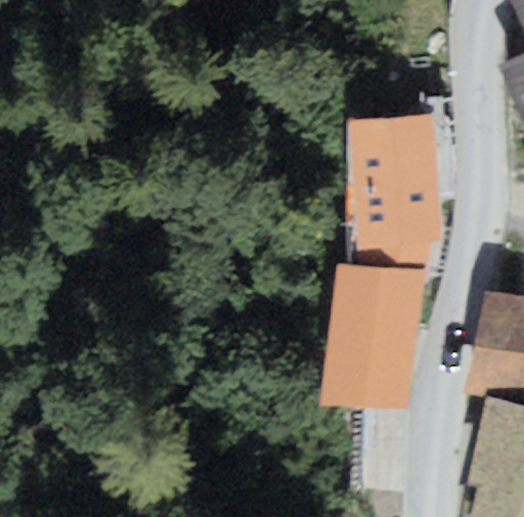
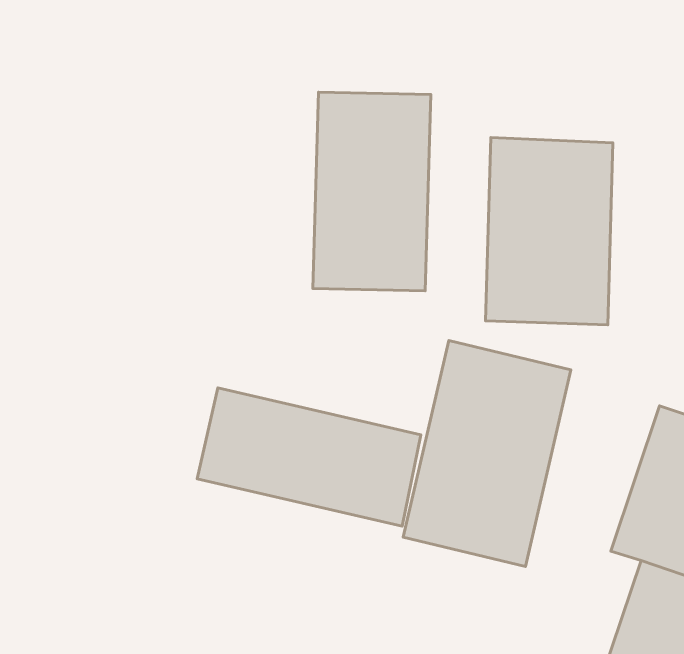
building: none -> [313,92,431,291]
building: none -> [197,388,421,526]

